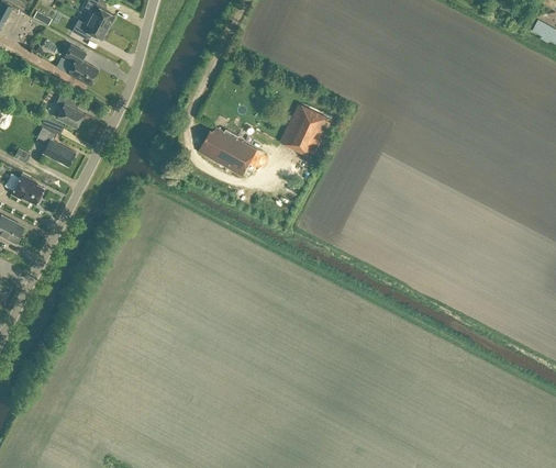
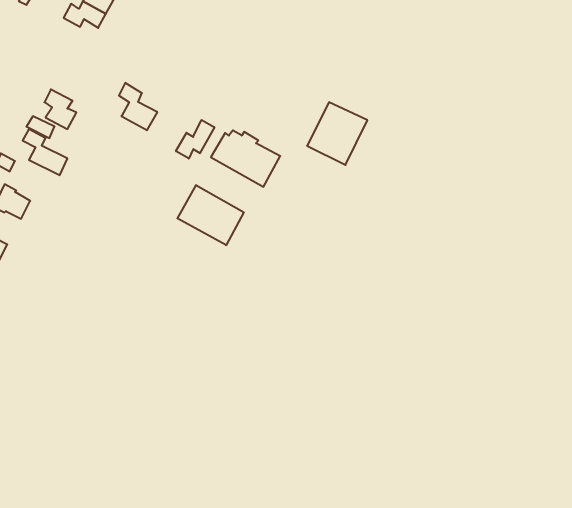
building: [65,44,98,85] -> [119,83,157,130]
building: none -> [176,120,214,159]
building: none -> [177,185,244,245]

